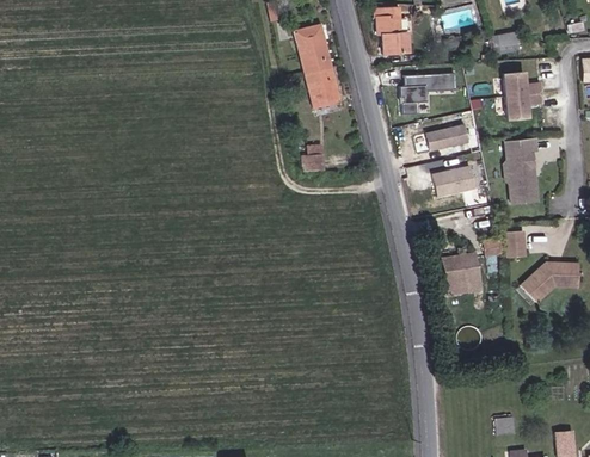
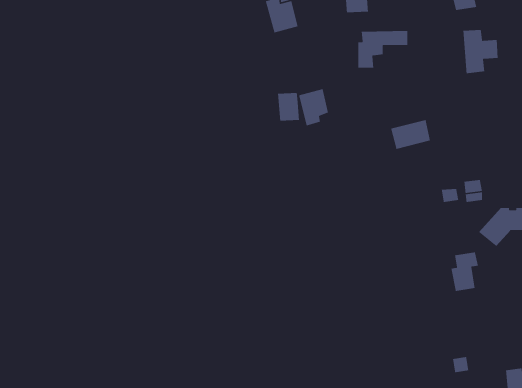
building: [307,69,339,110] -> [298,88,329,127]
building: [420,122,463,150] -> none
building: [508,141,536,204] -> none
building: [445,249,475,292] -> [451,251,479,292]

